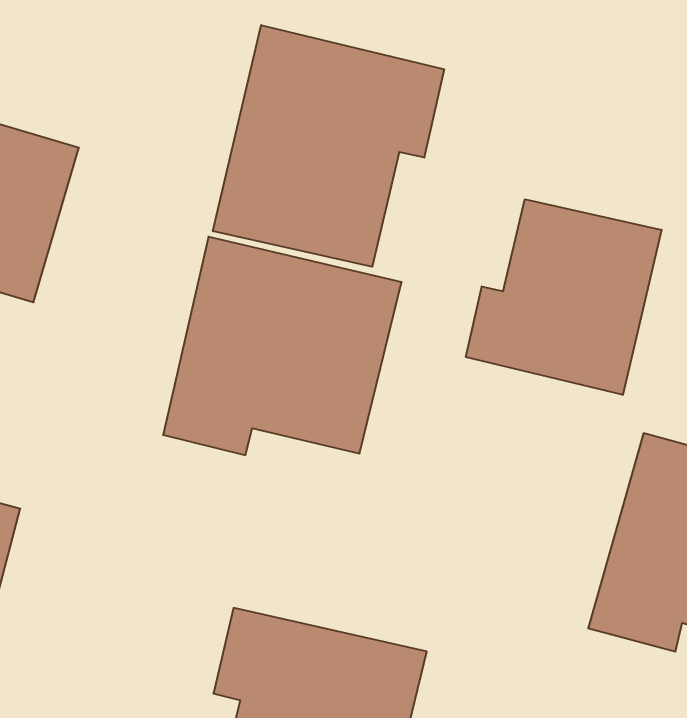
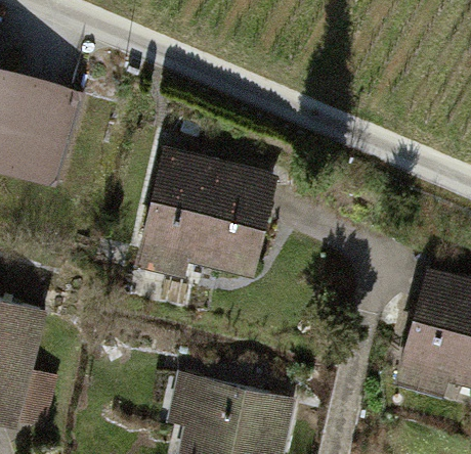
building: [213,25,444,267] -> none
building: [466,199,662,395] -> none

